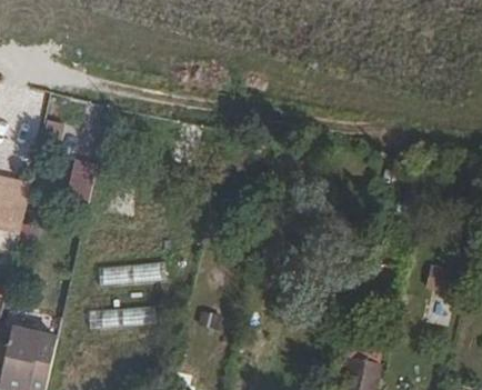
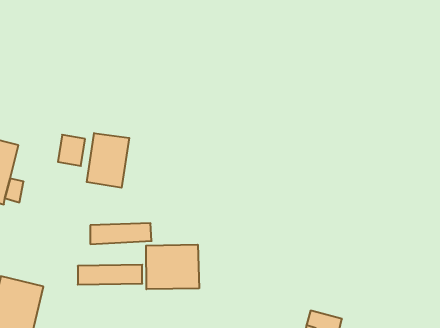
building: none -> [87,133,129,188]
building: none -> [146,245,199,289]

